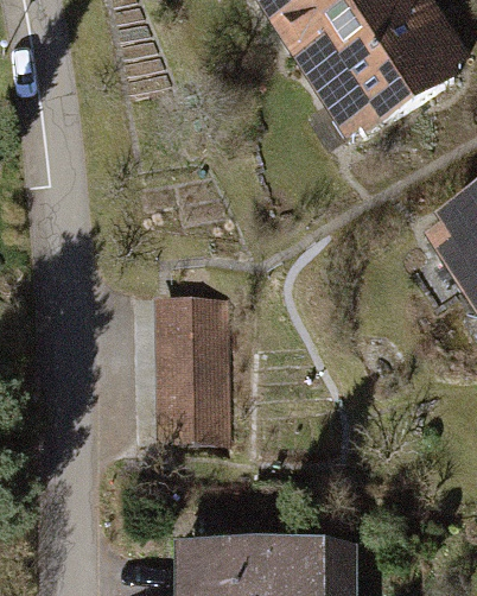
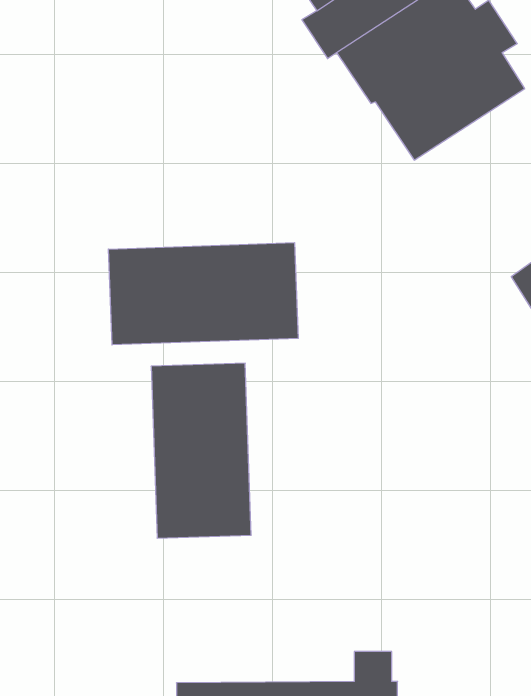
building: none -> [108,243,298,345]

